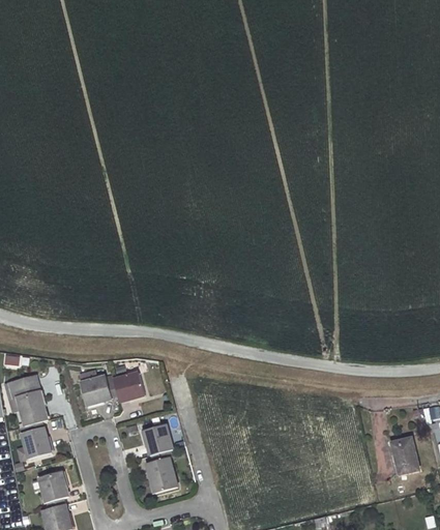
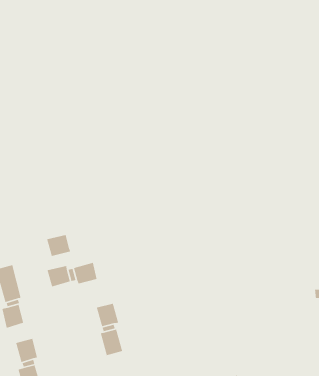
building: none -> [46,234,71,257]
building: [390,437,418,473] -> none

